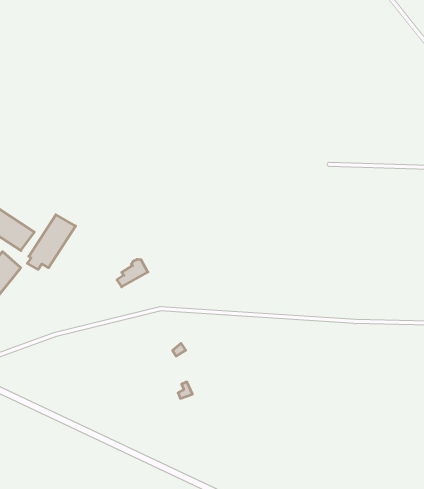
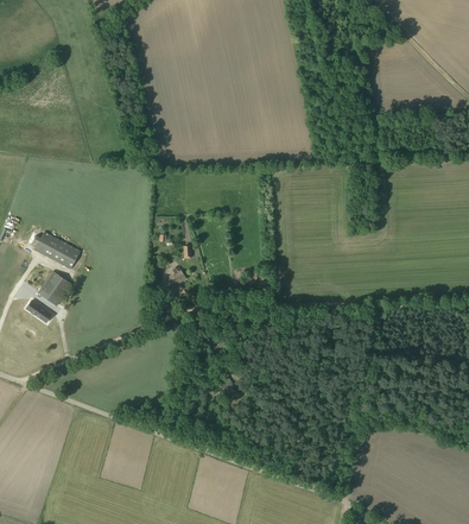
building: [27,215,76,269] -> none

